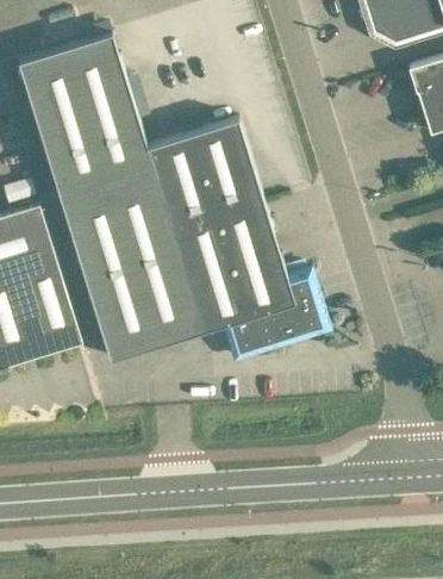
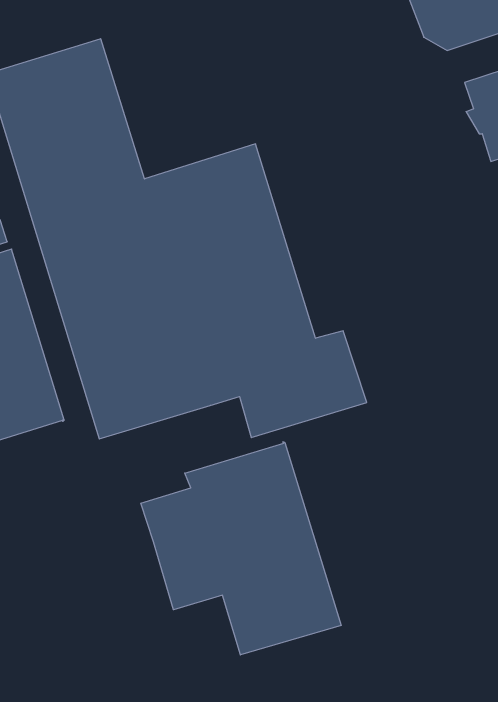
building: none -> [141,442,341,655]

